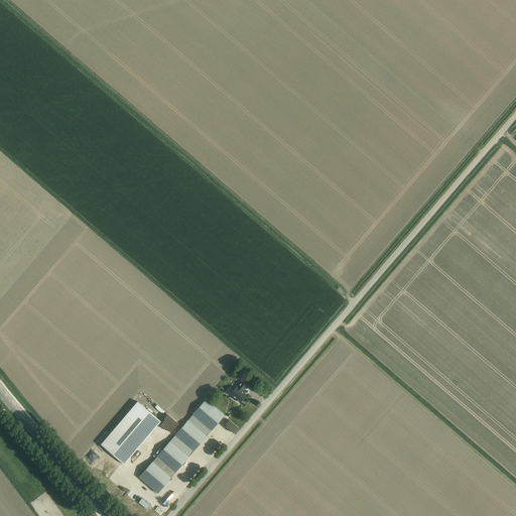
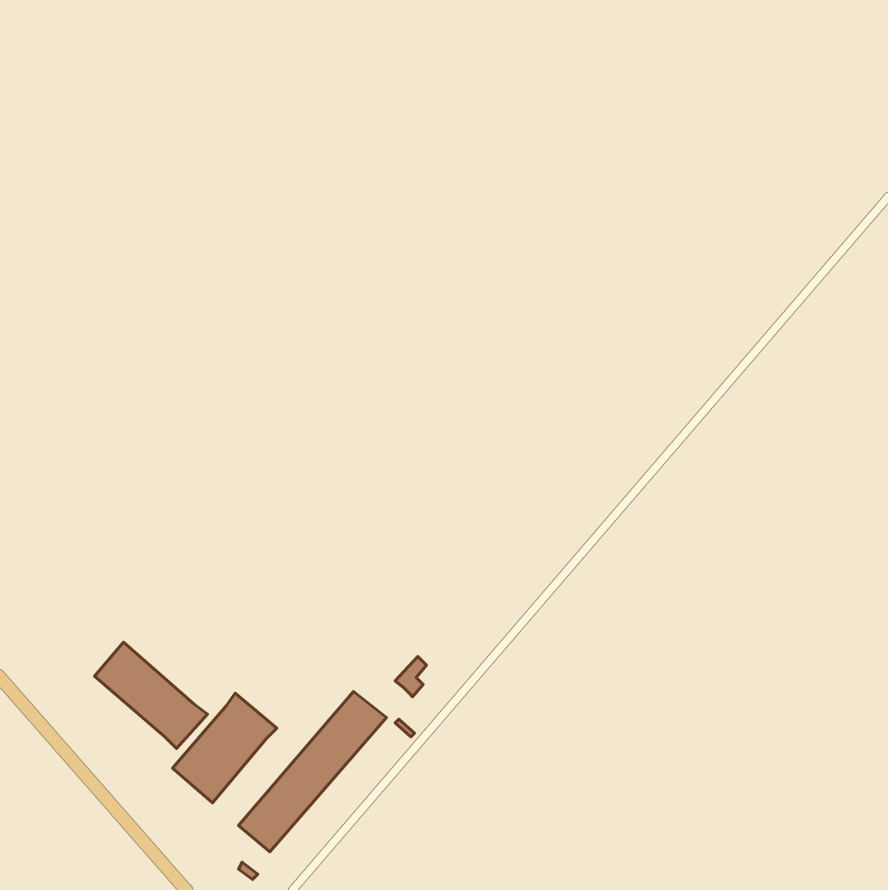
building: none -> [94,642,207,748]

